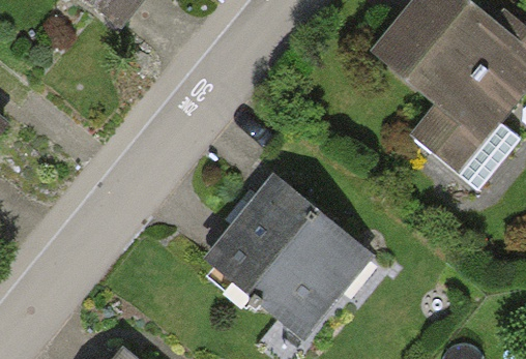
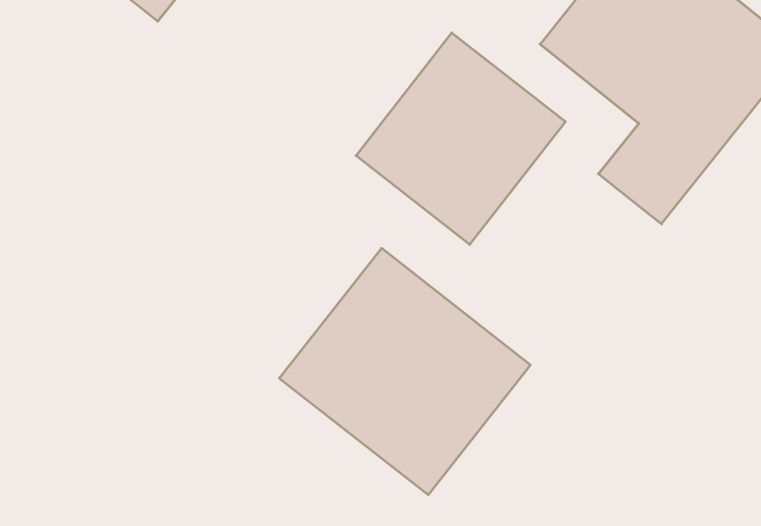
building: none -> [356,33,565,245]

